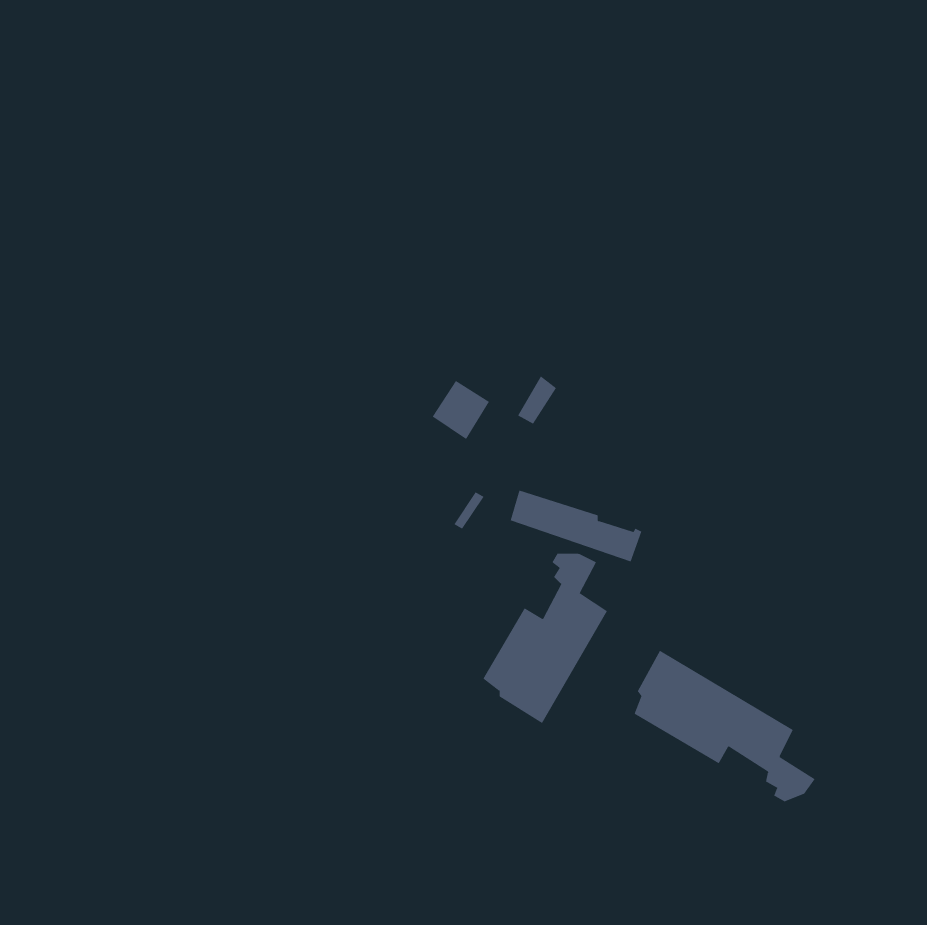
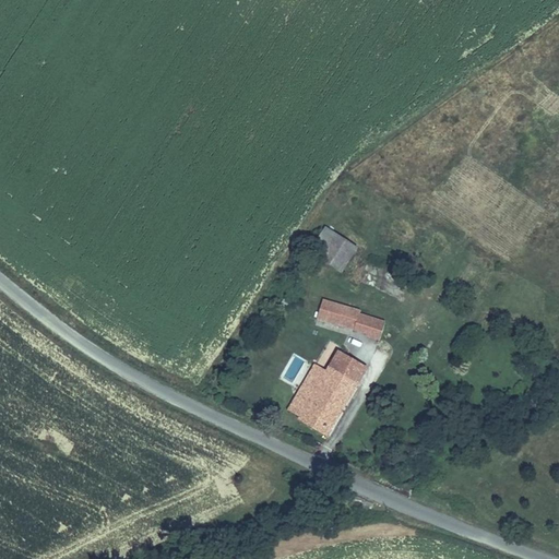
building: [432,380,490,440] -> [321,234,356,270]
building: [634,650,815,802] -> none

